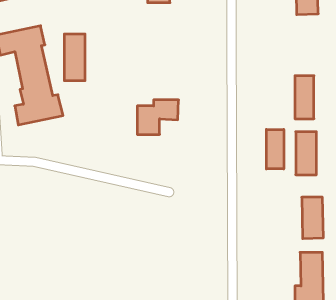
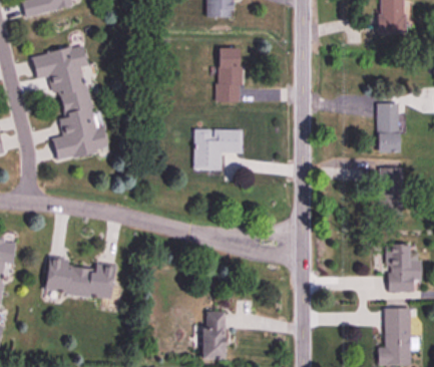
building: [64,34,85,81] -> [216,47,241,101]
building: [266,129,284,169] -> none
building: none -> [44,256,114,300]
building: none -> [202,312,225,359]

